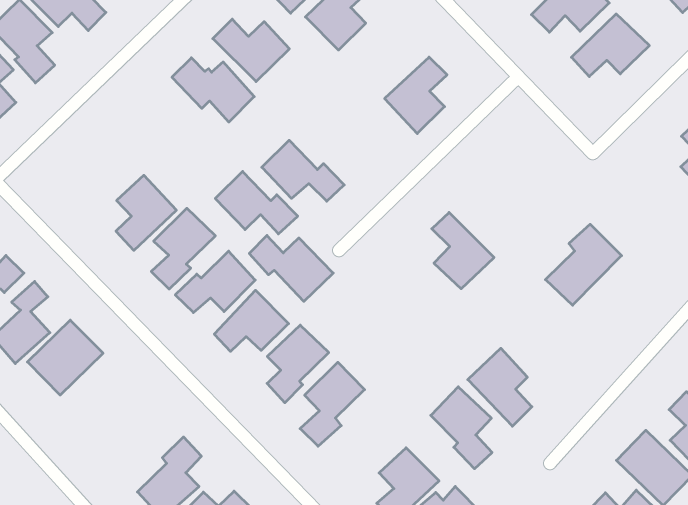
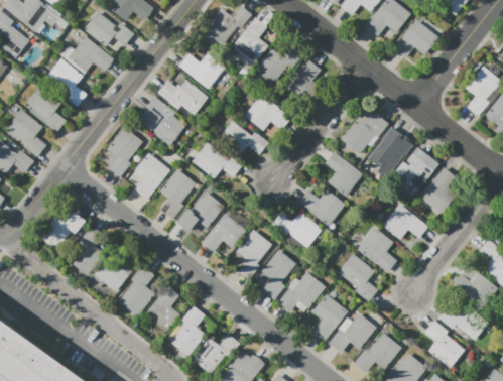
building: none -> [254,46,302,85]
building: none -> [145,96,185,144]
building: none -> [243,94,290,132]
building: none -> [106,126,143,177]
building: none -> [341,108,388,153]
building: none -> [366,126,405,171]
building: [249,235,333,301] -> [271,212,323,249]
building: none -> [418,167,456,215]
building: none -> [297,189,345,227]
building: none -> [381,203,428,239]
building: none -> [118,265,155,315]
building: none -> [144,285,179,332]
building: none -> [277,272,325,312]

